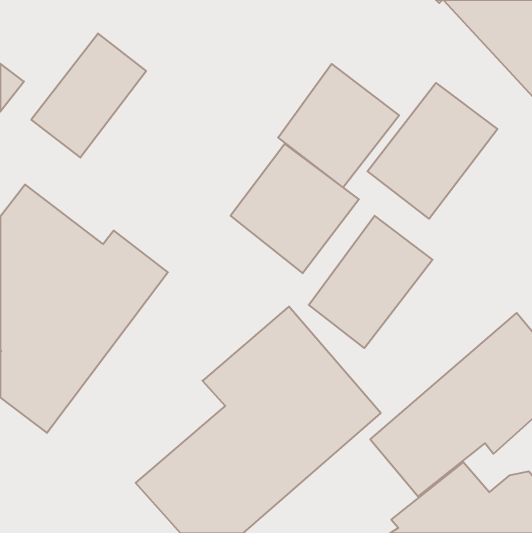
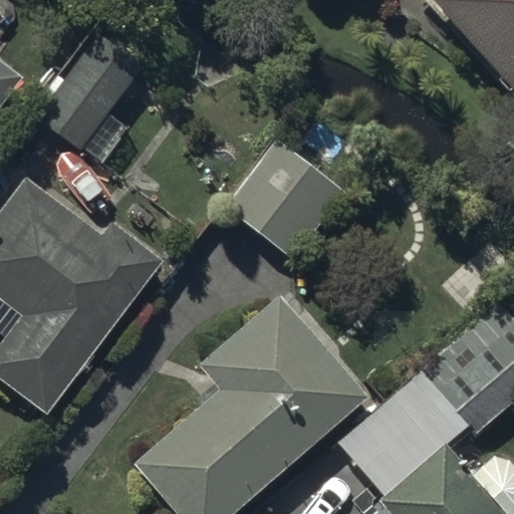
building: [278,64,399,188] -> none
building: [367,83,497,219] -> none
building: [309,216,433,348] -> none

